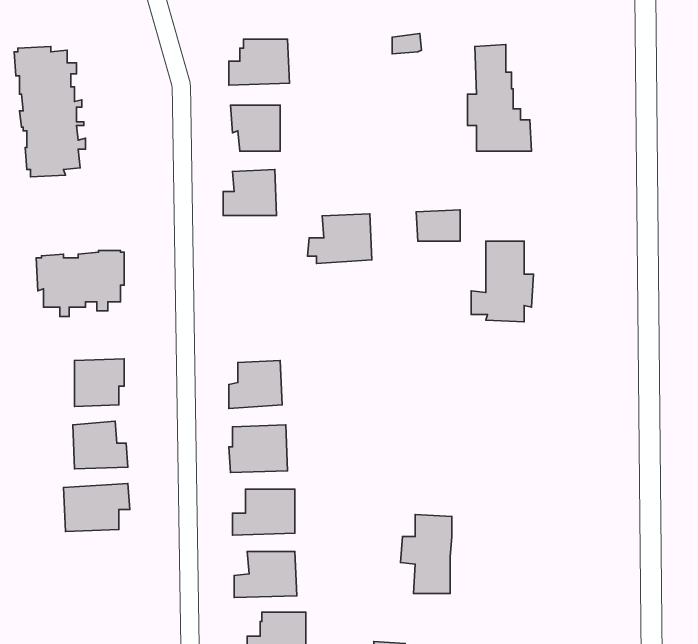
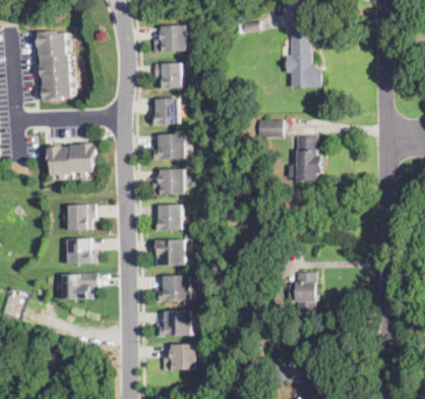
building: [307,214,372,264] -> [150,132,186,160]
building: none -> [153,169,185,194]
building: [401,515,452,594] -> [288,273,316,317]

